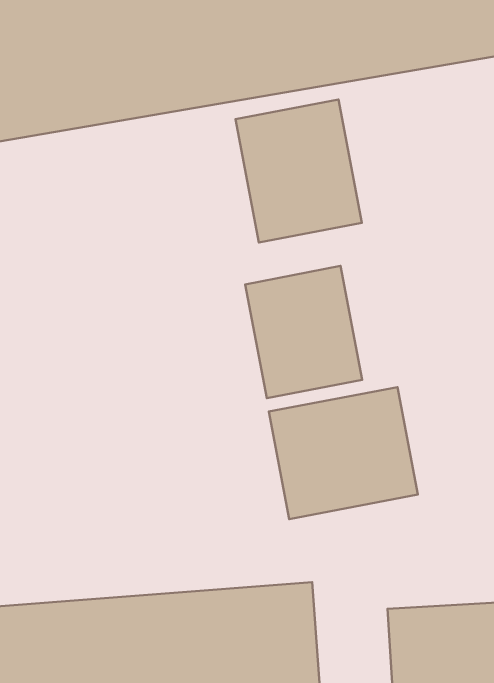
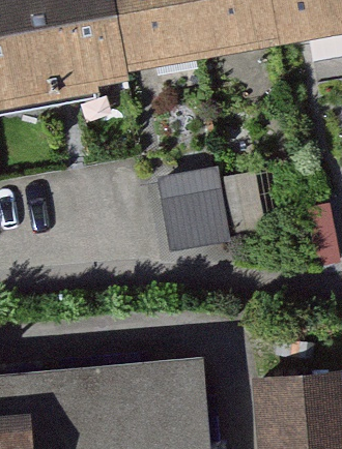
building: [235,100,362,242] -> none
building: [269,387,418,519] -> none

